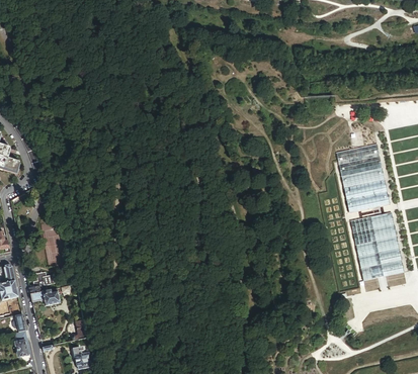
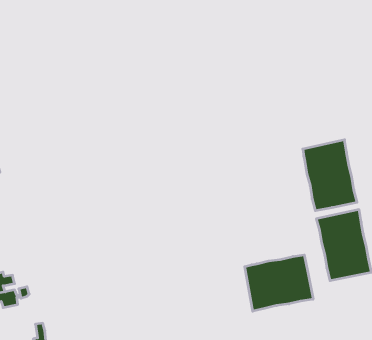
building: none -> [245,255,313,311]

